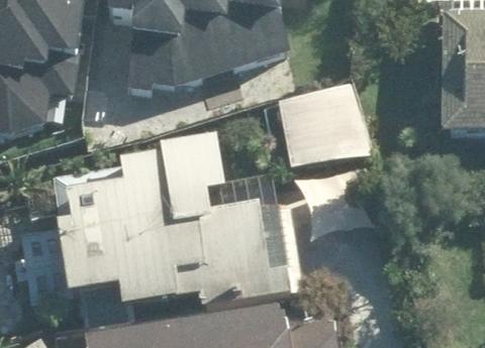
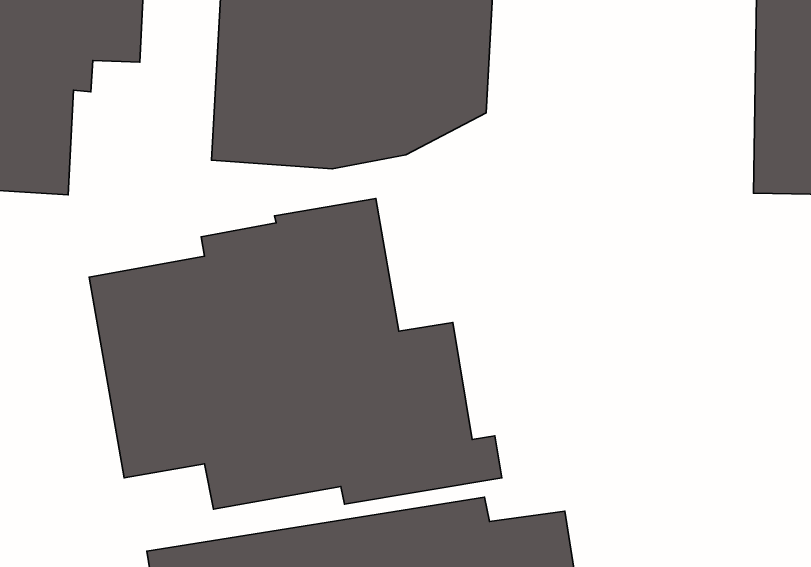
building: [272,68,376,172] -> none

